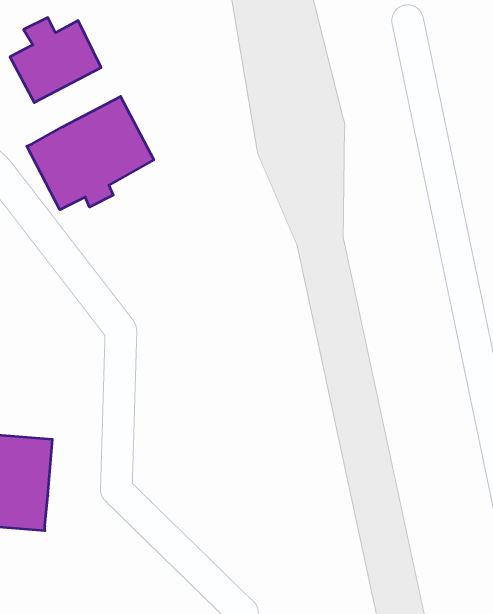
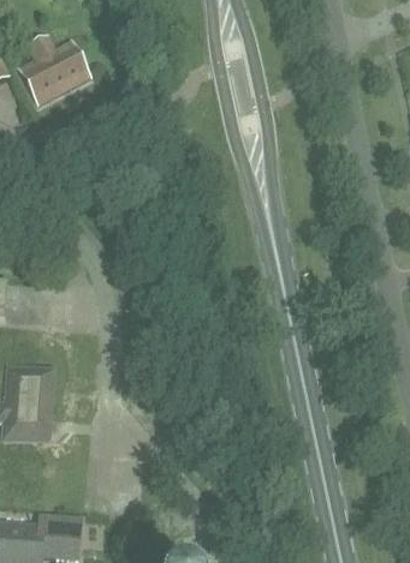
building: [27,96,154,210] -> none

